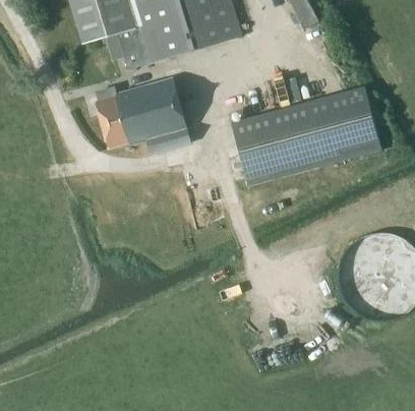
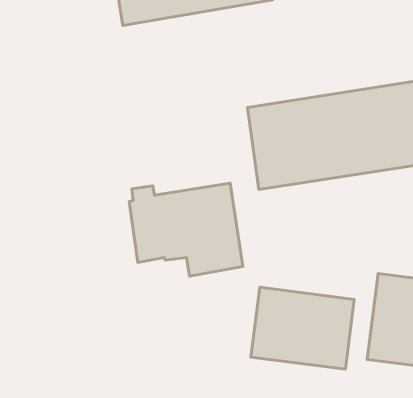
building: [96,77,190,154] -> [129,183,243,276]
building: none -> [251,287,354,369]

